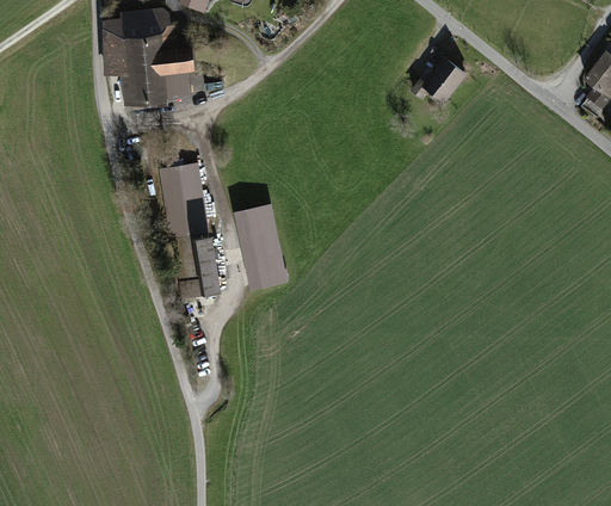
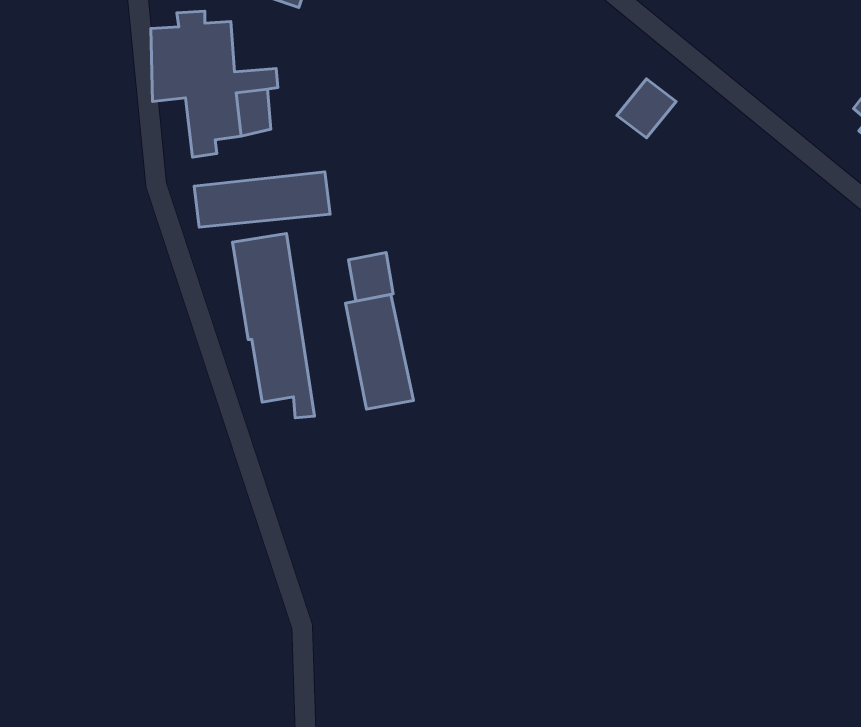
building: none -> [194,172,330,227]
building: none -> [349,253,393,301]

